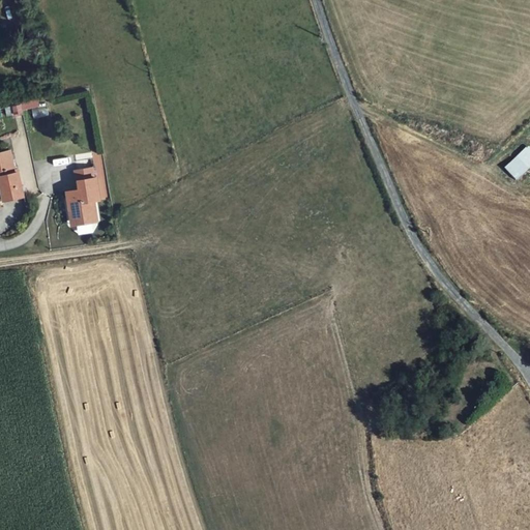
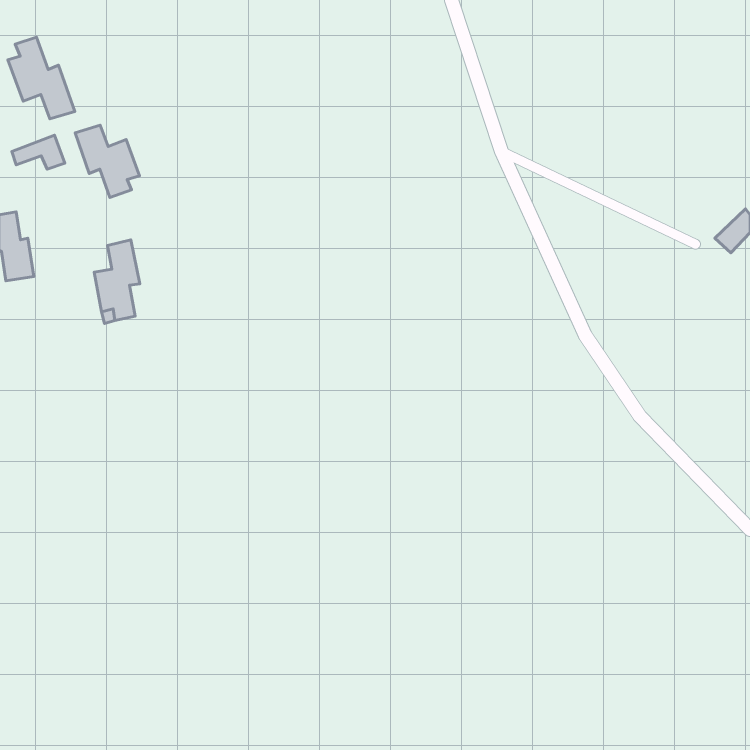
building: none -> [8,37,75,119]
building: none -> [75,125,140,197]

